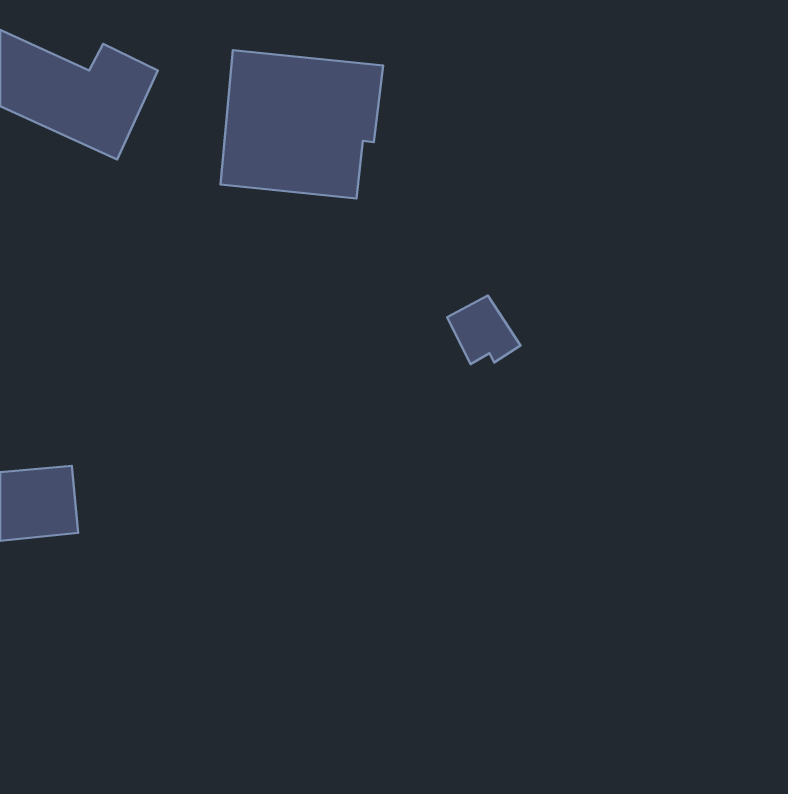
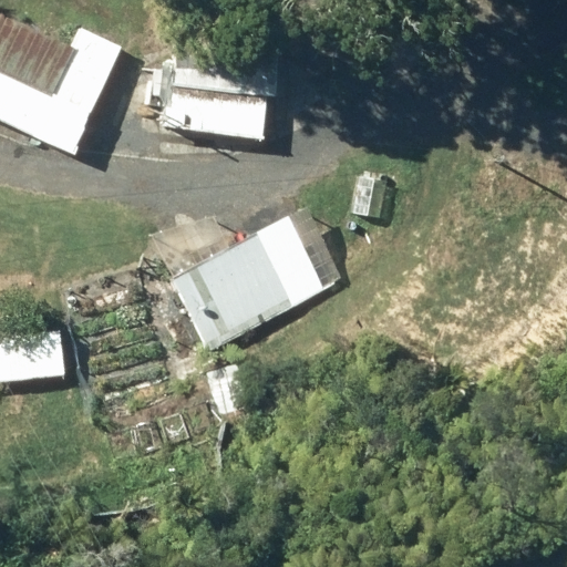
building: none -> [173,235,293,349]

